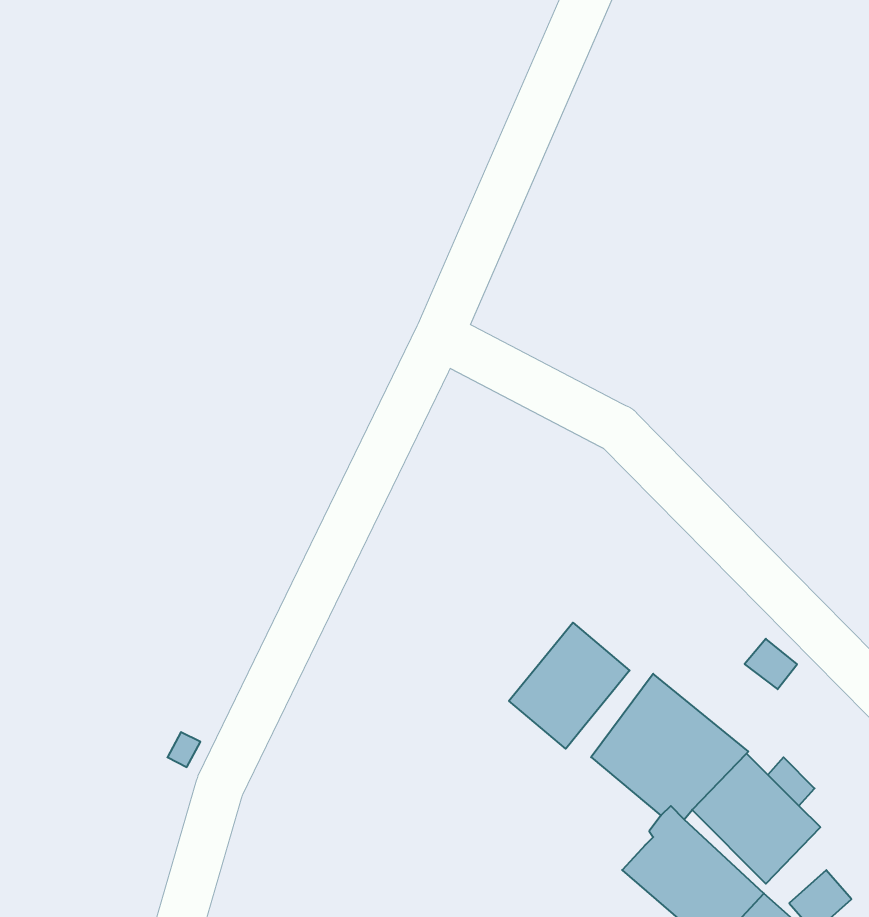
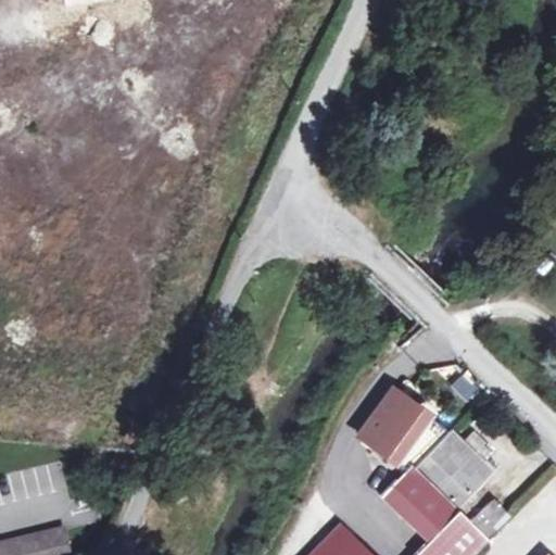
building: [509,623,630,749] -> none

